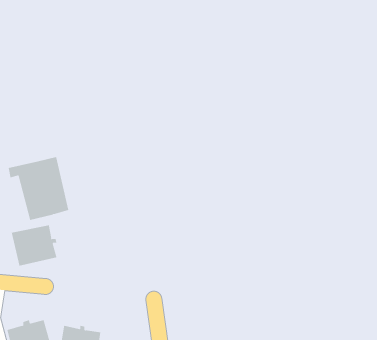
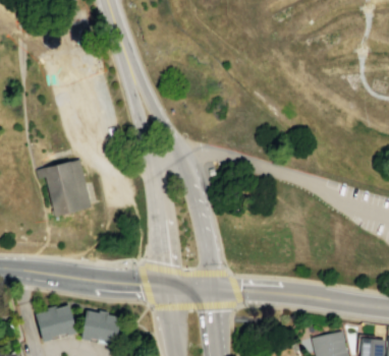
building: [11,224,57,267] -> none

